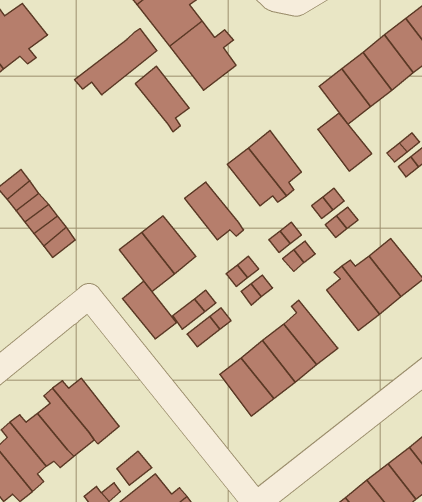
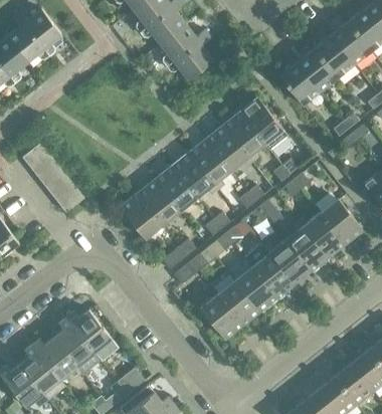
building: [75,29,157,95] -> none
building: [135,66,189,132] -> [188,139,231,191]
building: [318,113,372,171] -> [239,98,282,145]
building: [122,281,176,339] -> [154,166,197,212]
building: none -> [262,239,310,285]

